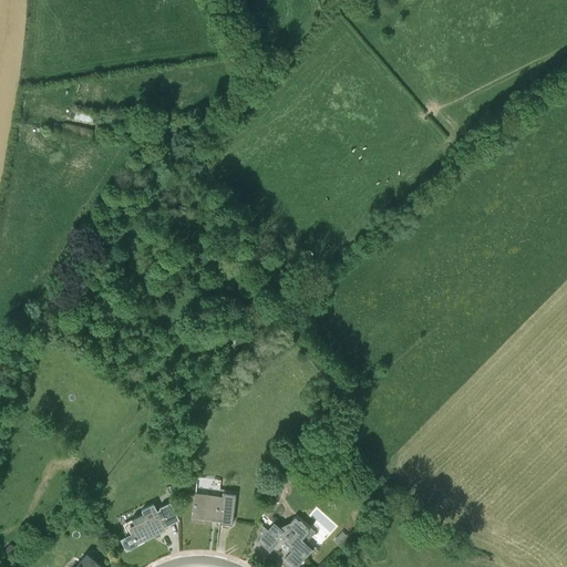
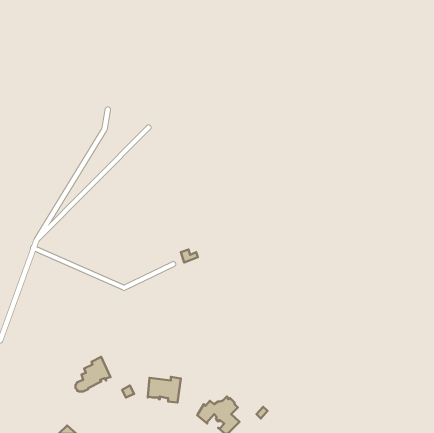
building: [121,505,166,550] -> [76,357,110,392]

